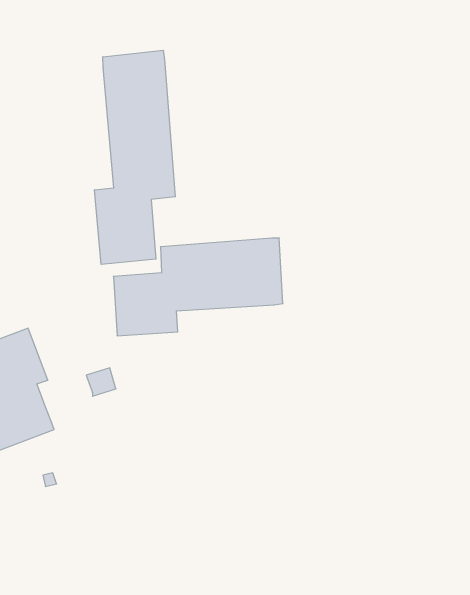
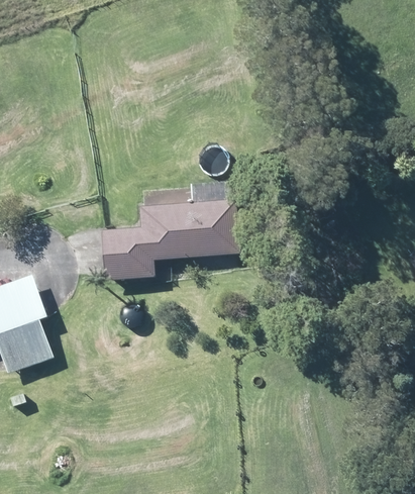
building: [95,50,175,264] -> none

